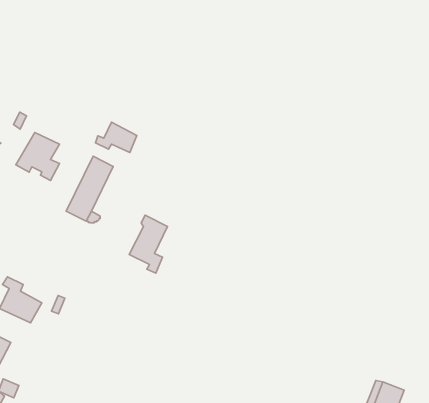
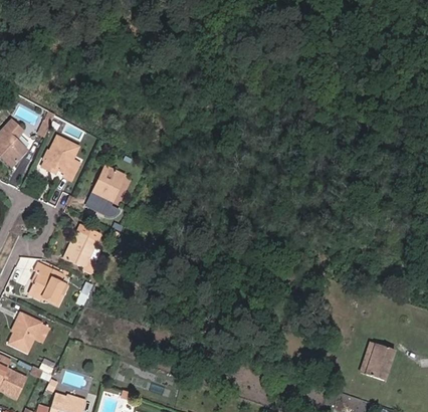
building: [95,122,137,152] -> none
building: [129,215,168,273] -> [67,225,99,275]

